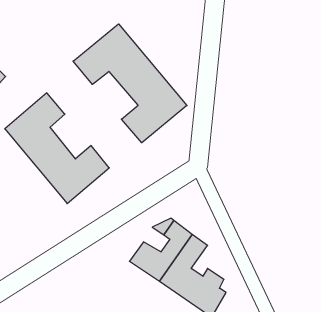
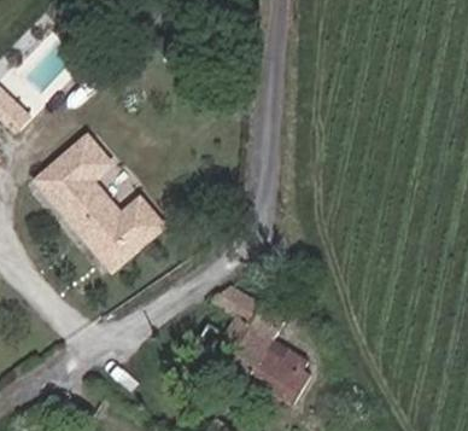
building: [73,24,187,143] -> none

